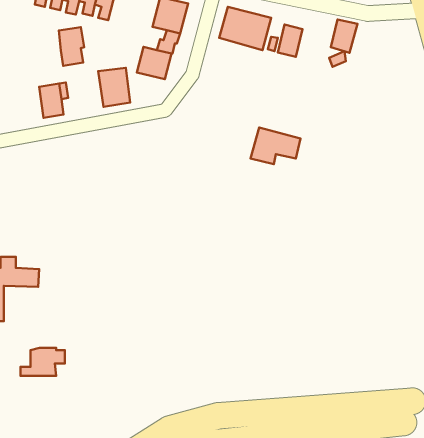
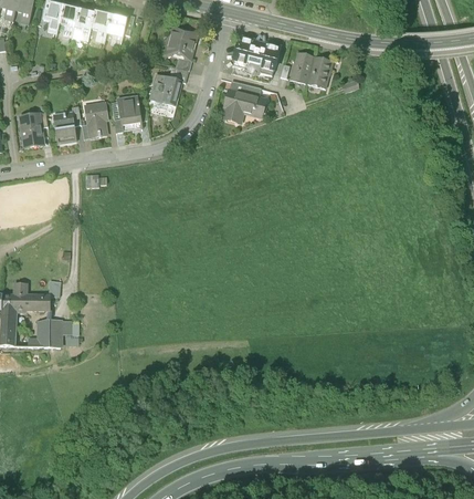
building: [331,19,357,53] -> [306,56,333,90]
building: [59,27,84,66] -> [83,101,108,139]
building: none -> [17,112,44,149]
building: [250,127,300,164] -> [218,89,267,125]
building: [21,348,65,376] -> [27,320,71,347]

